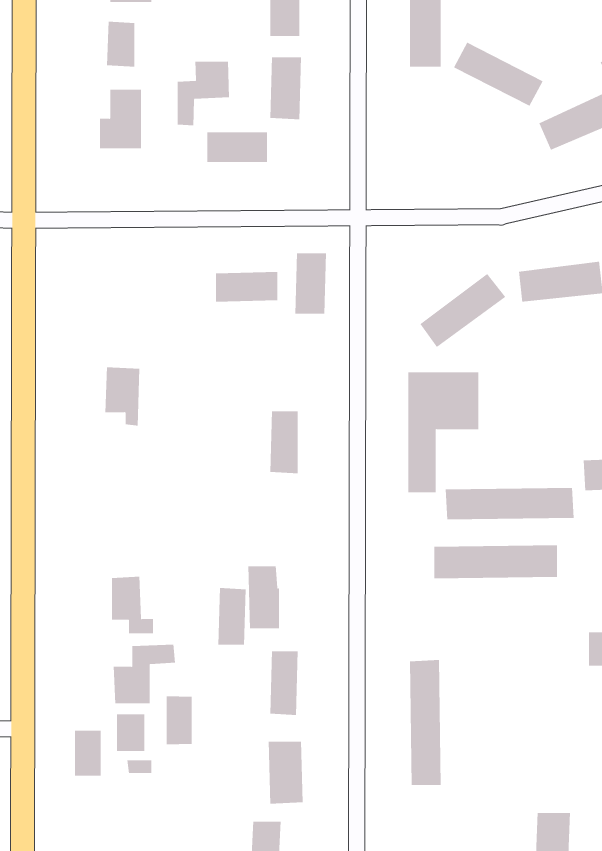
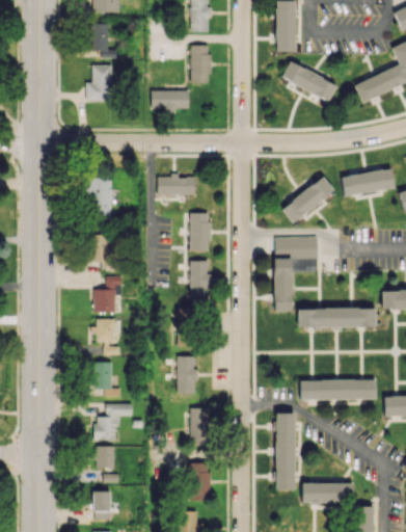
building: [453,42,543,107] -> [281,61,336,101]
building: [177,61,230,126] -> none
building: [295,253,327,314] -> [190,213,210,250]
building: none -> [88,179,111,220]
building: none -> [93,276,121,313]
building: none -> [93,318,119,354]
building: [433,545,558,579] -> [300,379,376,400]
building: [217,587,246,645] -> [177,310,194,345]
building: [166,696,192,745] -> none
building: [74,730,101,776] -> [93,491,110,520]
building: none -> [301,483,353,504]

